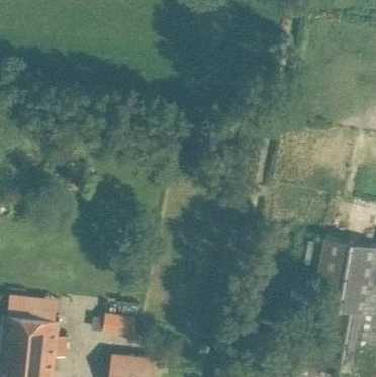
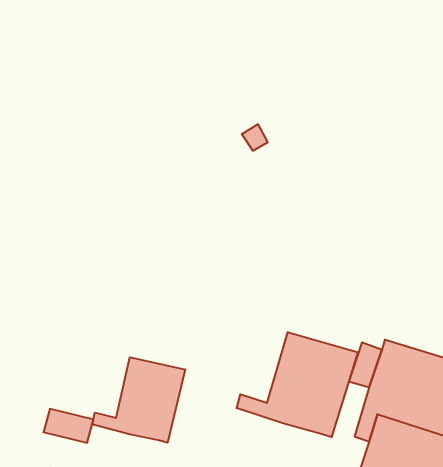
building: none -> [237,332,358,437]
building: none -> [92,357,185,443]

